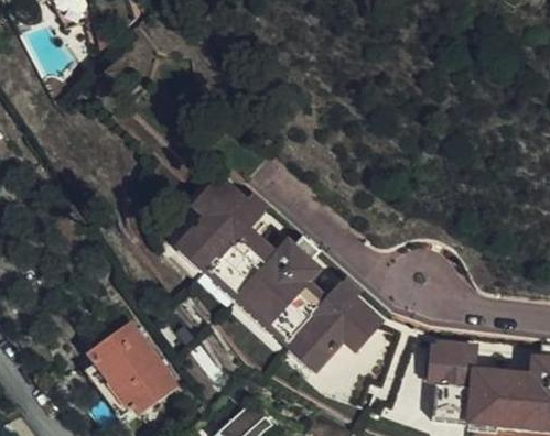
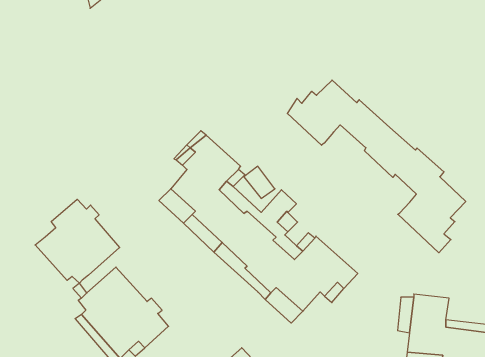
building: none -> [287,80,466,253]
building: none -> [35,199,120,283]

